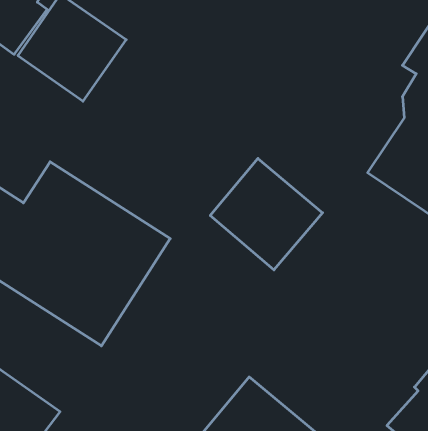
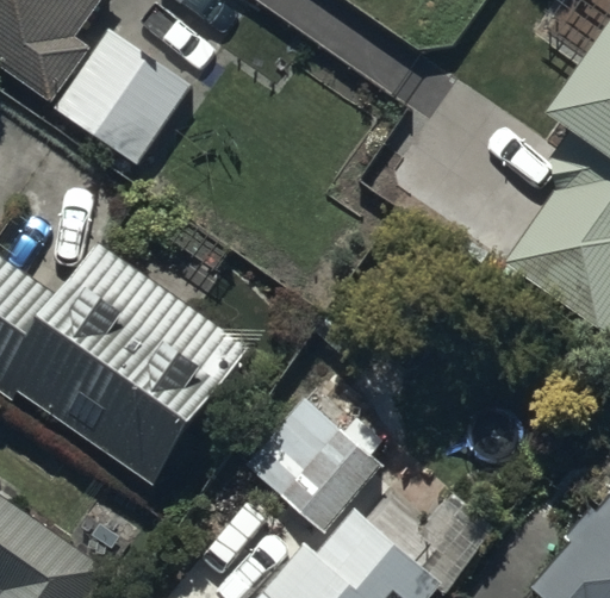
building: [210,158,323,270] -> none
building: none -> [237,385,384,527]

